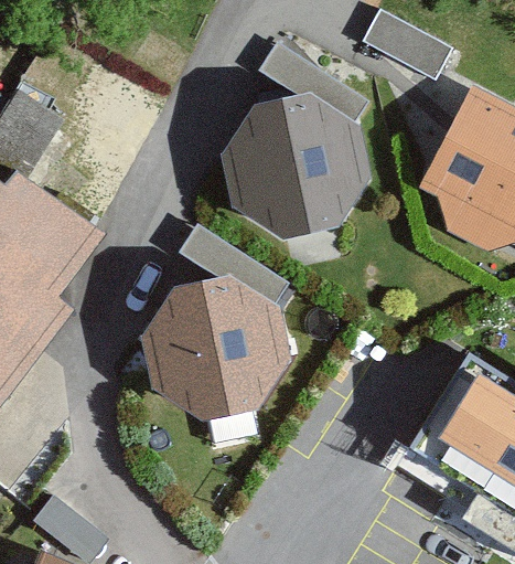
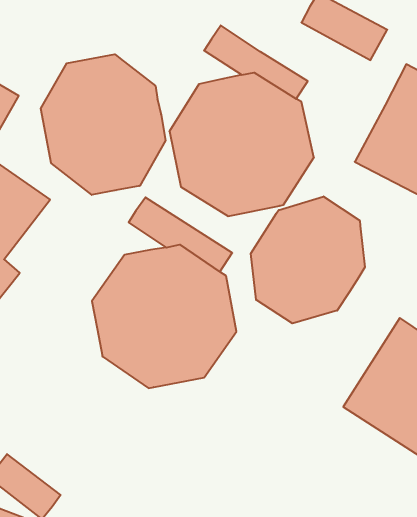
building: none -> [41,54,166,195]
building: none -> [251,196,365,323]

